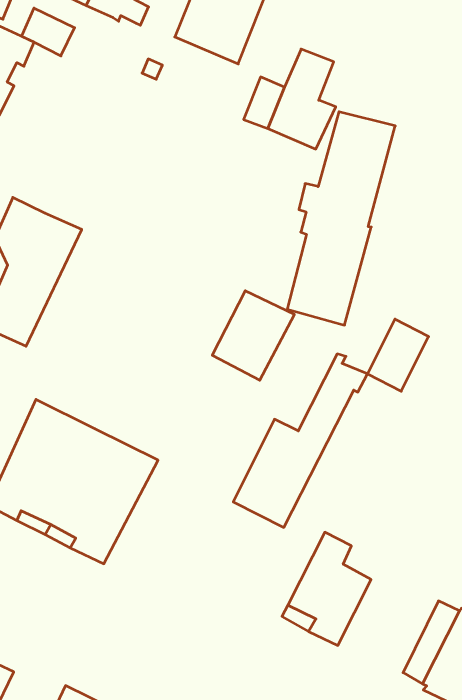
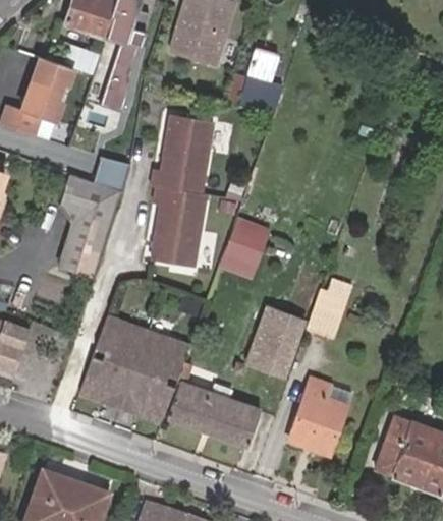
building: none -> [102,42,140,113]
building: [287,112,395,325] -> [152,116,211,262]
building: none -> [93,154,128,191]
building: [368,319,429,391] -> [308,289,346,338]
building: none -> [167,366,260,448]

